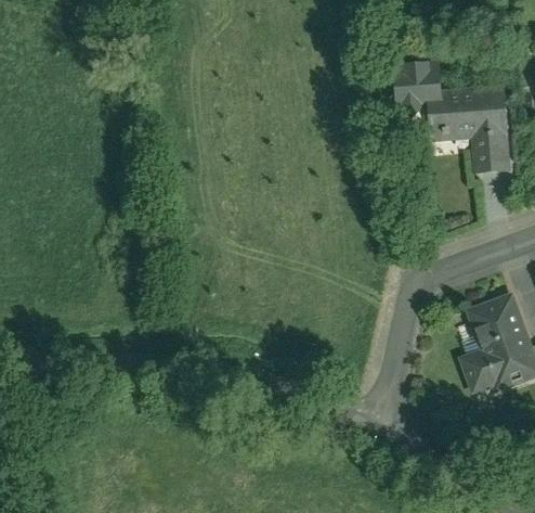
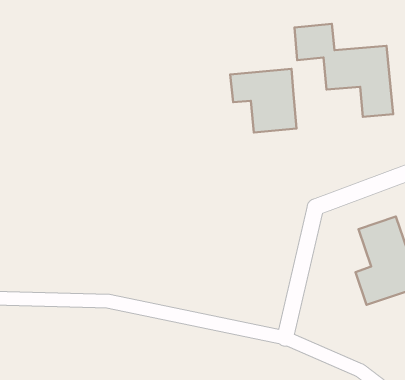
building: none -> [230,69,296,132]

